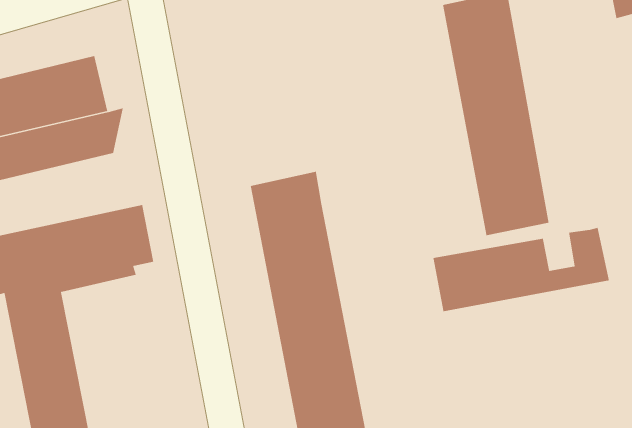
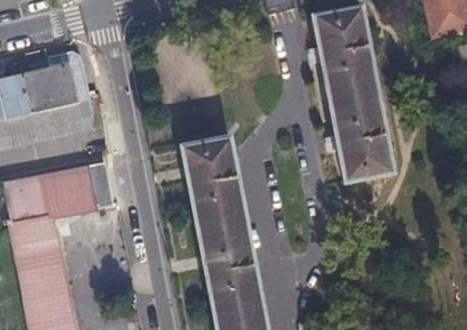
building: [433,227,610,312] -> none

